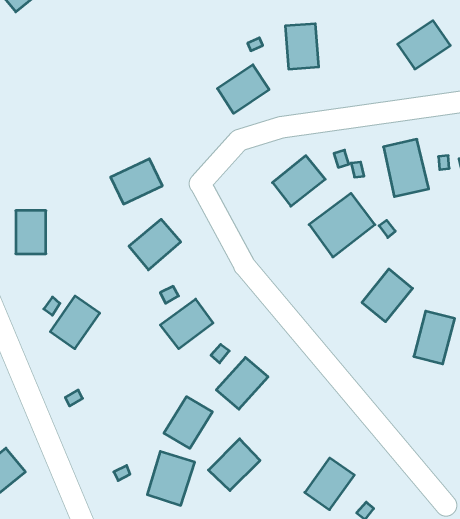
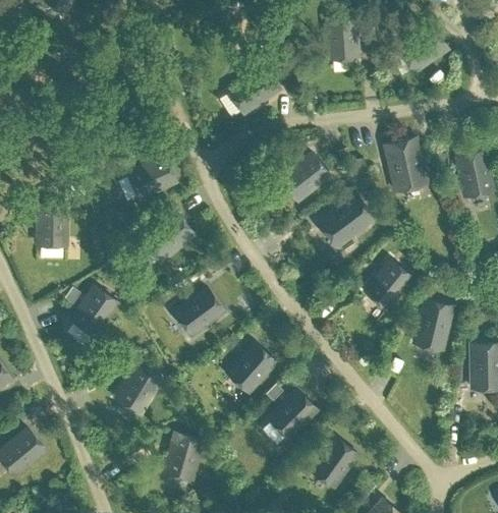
building: [285,24,319,69] -> [327,18,358,61]
building: [164,397,212,448] -> [115,365,161,414]
building: [208,439,260,491] -> [268,391,317,440]

